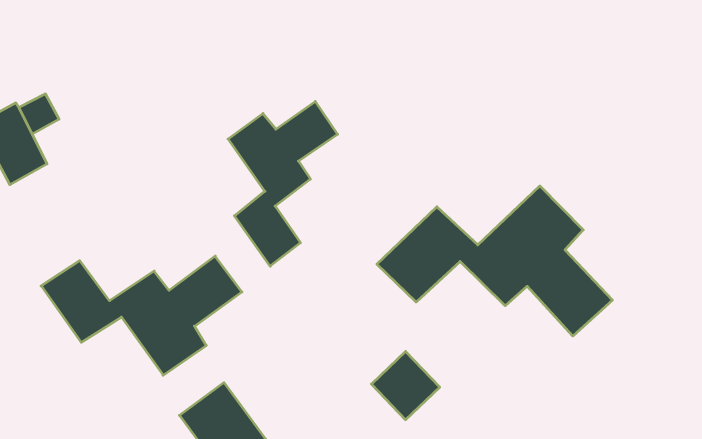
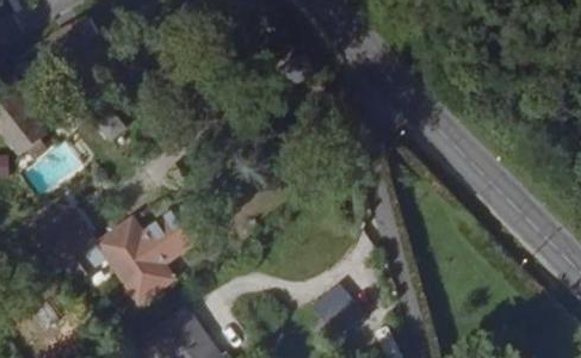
building: [228,101,338,266] -> none
building: [377,186,612,336] -> none

